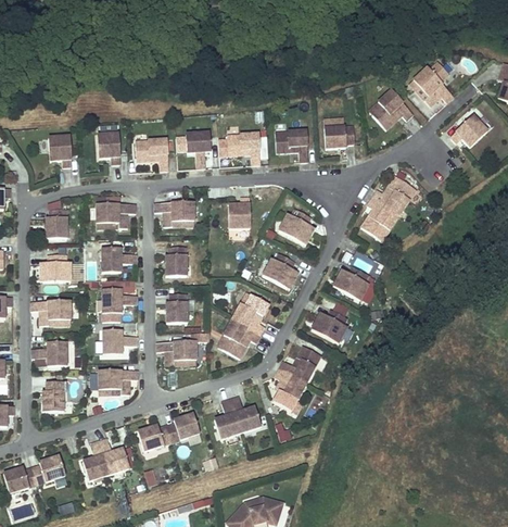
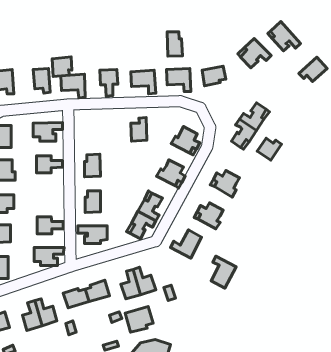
building: none -> [167,32,182,56]
building: none -> [52,57,72,76]
building: [154,202,194,226] -> none
building: none -> [257,138,281,160]
building: [102,287,137,310] -> none
building: [274,369,307,412] -> [211,256,236,288]
building: none -> [125,306,153,332]

